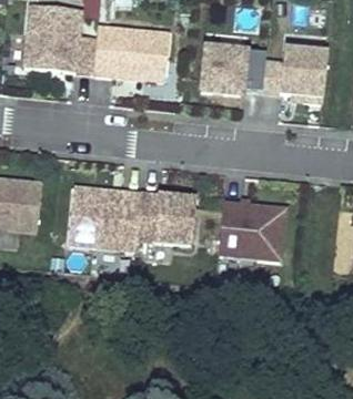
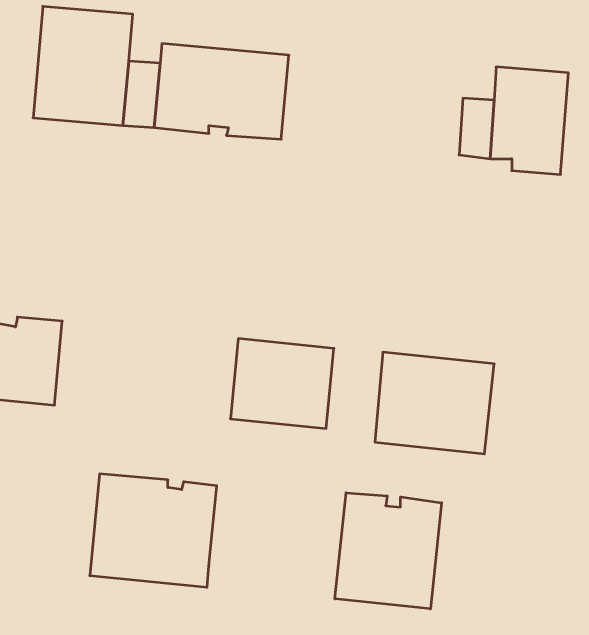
building: [200,45,264,92] -> none
building: [68,186,140,250] -> [90,474,217,587]
building: none -> [335,493,442,609]

